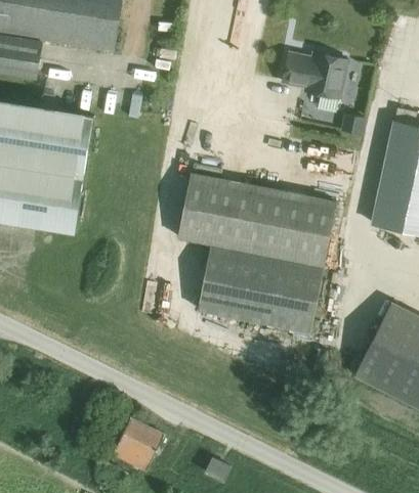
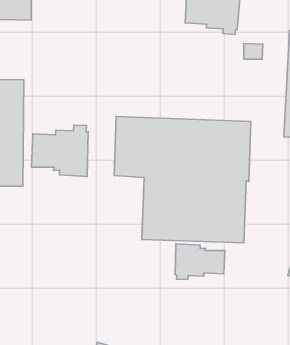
building: none -> [31,125,88,176]
building: none -> [175,244,225,280]

